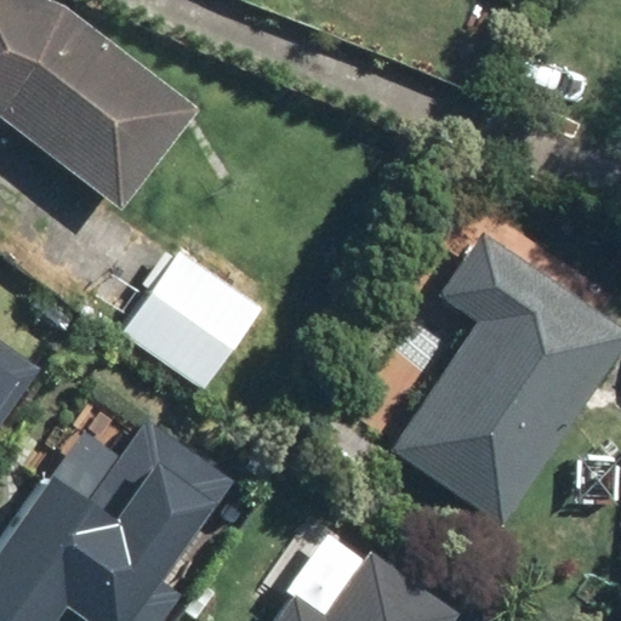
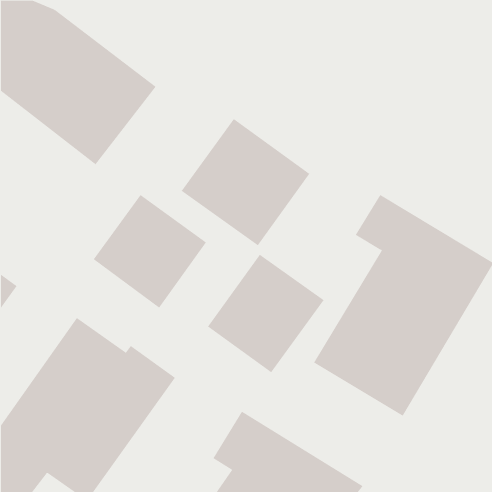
building: none -> [181,118,310,246]
building: none -> [207,254,324,373]

